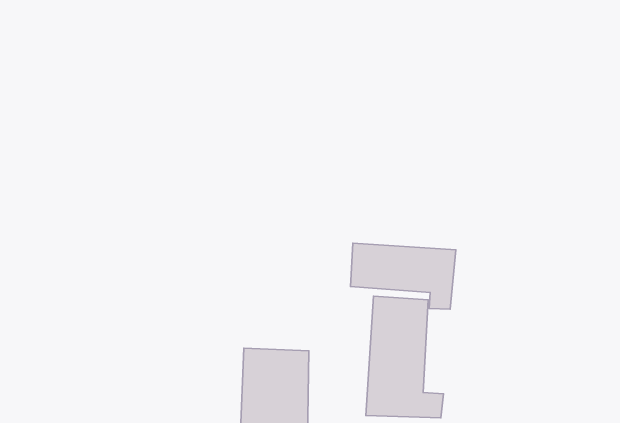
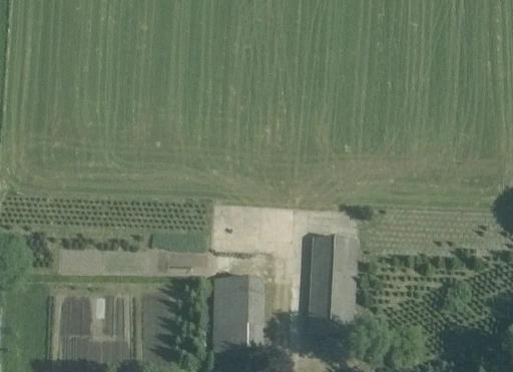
building: [350,243,456,309] -> none

